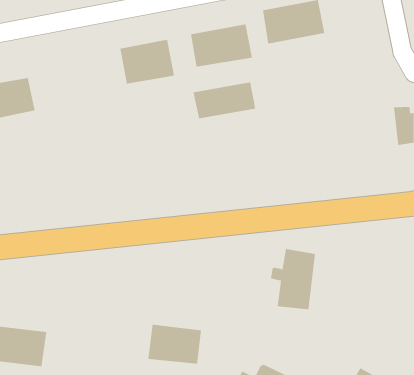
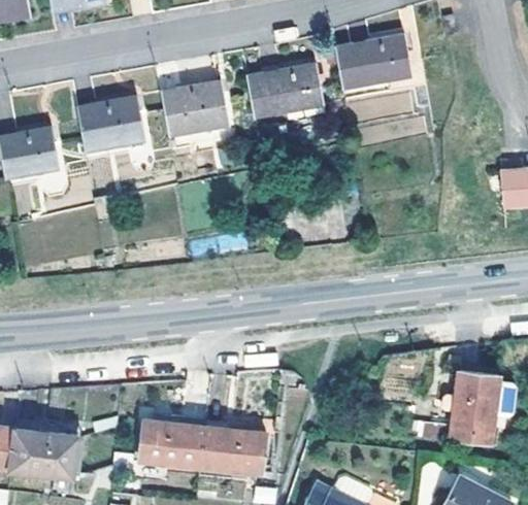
building: none -> [79,96,146,150]
building: [193,82,256,119] -> none
building: [270,249,316,310] -> [438,372,494,446]
building: none -> [140,420,203,468]

